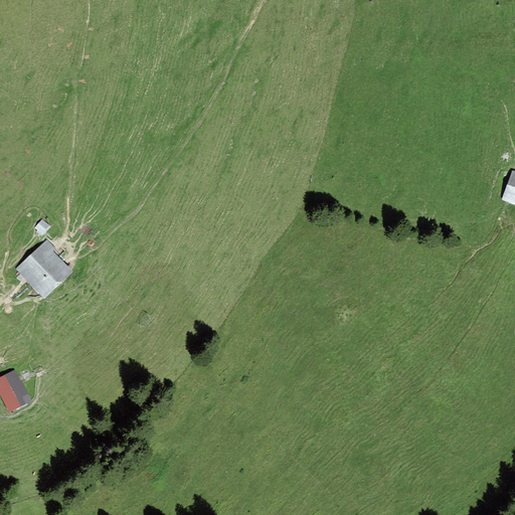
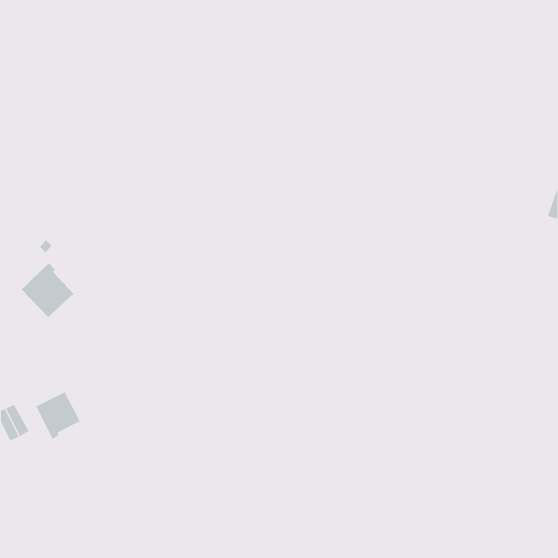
building: none -> [36,392,80,440]

